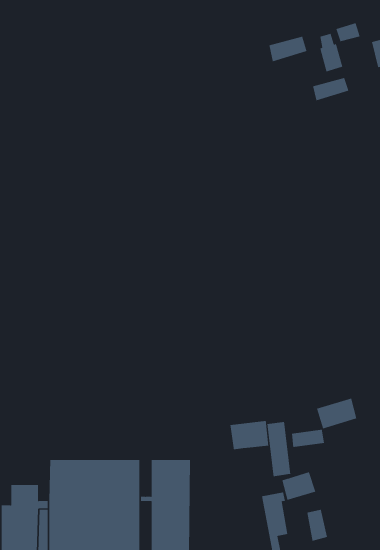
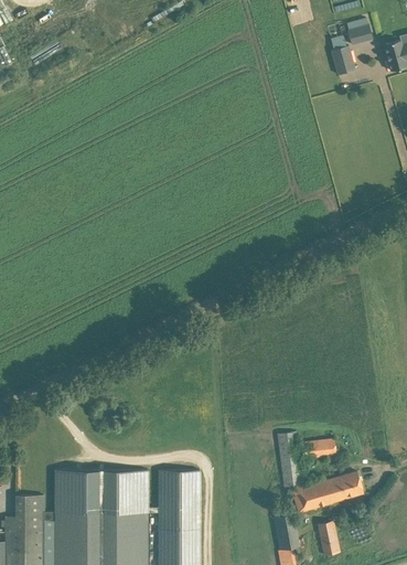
building: [269,36,307,62] -> none
building: [313,77,349,101] -> none
building: [316,398,357,429] -> [321,472,363,504]
building: [230,420,269,450] -> none

